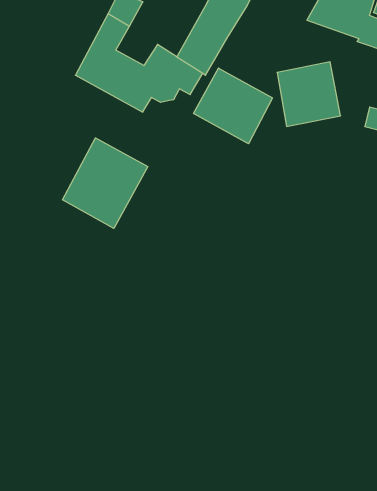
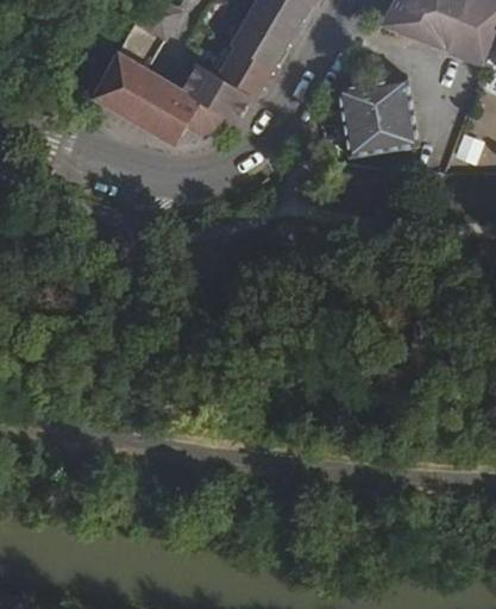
building: [194,68,272,144] -> none
building: [63,138,148,228] -> none

